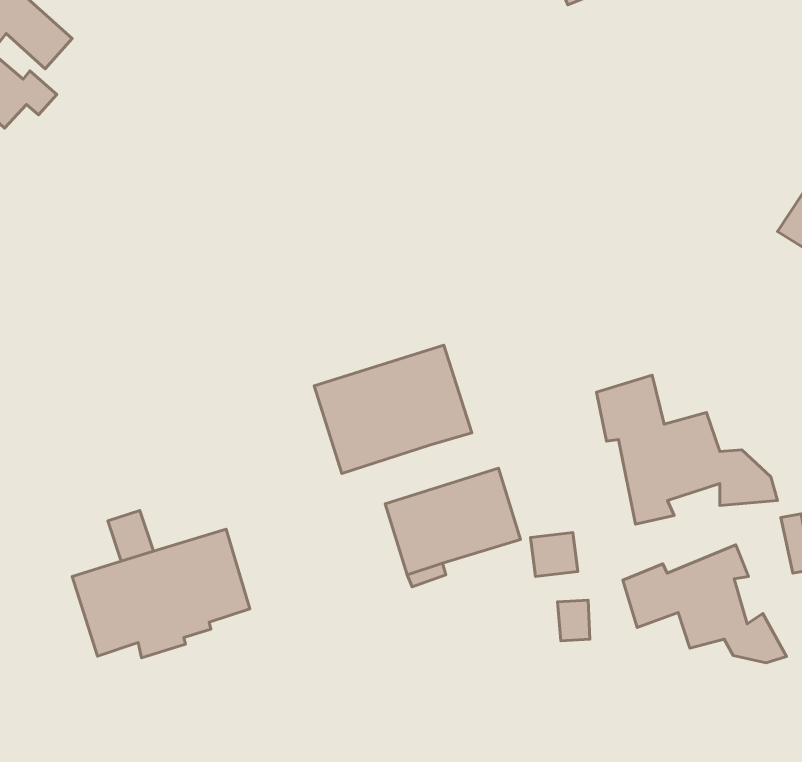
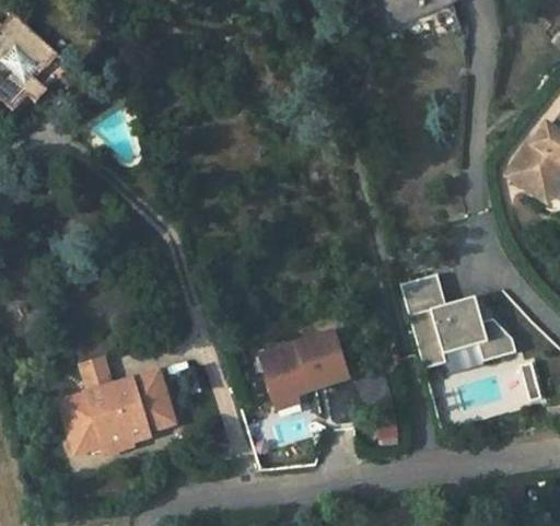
building: [314,345,472,473] -> none
building: [623,545,786,663] -> none

